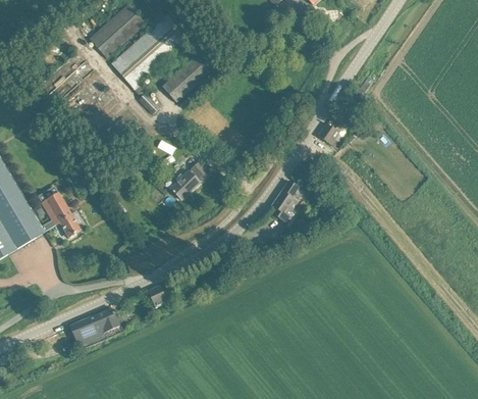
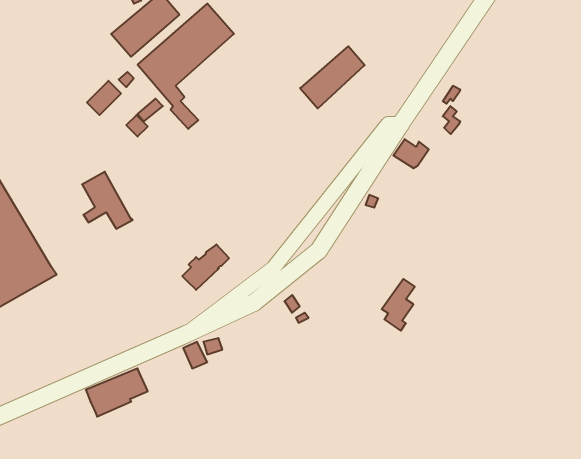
building: [162,52,214,102] -> [300,46,365,108]
building: [170,162,208,199] -> [182,244,229,290]
building: [271,181,298,222] -> [382,279,415,331]
building: [41,191,82,237] -> [82,172,133,229]

